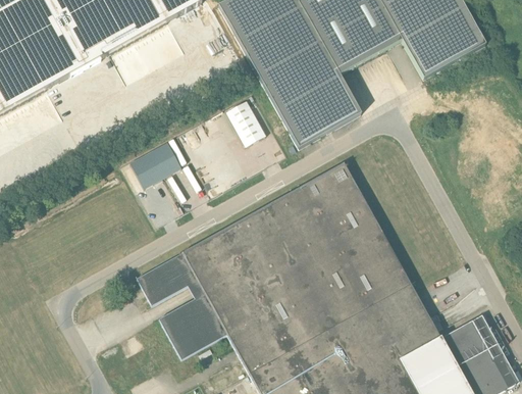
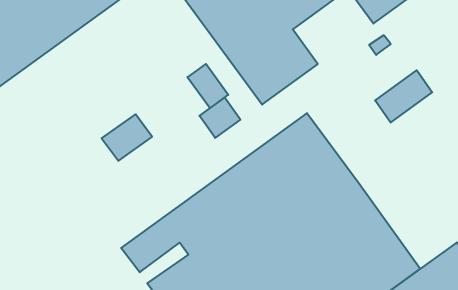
building: none -> [375,70,432,123]
building: none -> [199,97,240,138]

